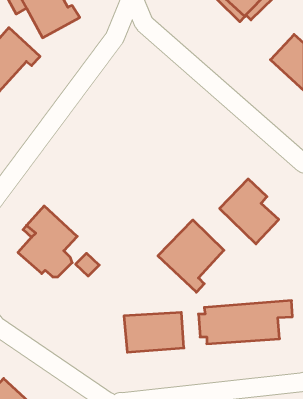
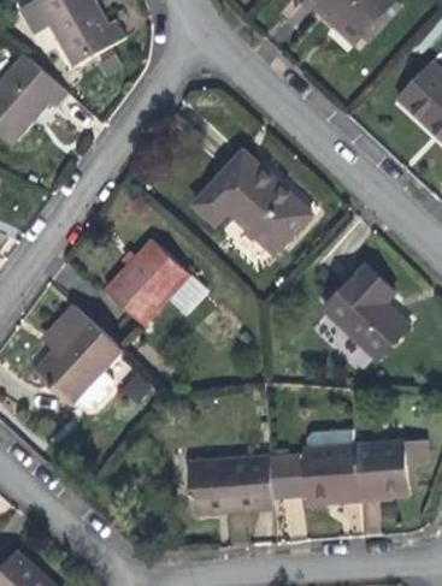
building: none -> [194,152,310,253]
building: none -> [106,241,189,324]
building: [158,220,224,292] -> none

